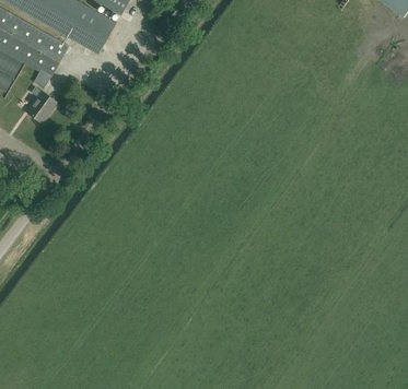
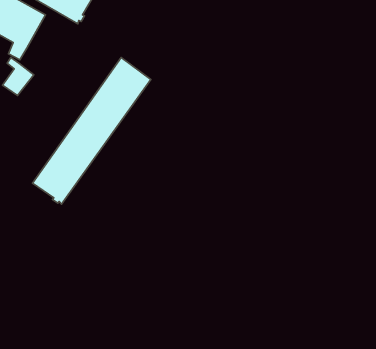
building: none -> [32,57,151,204]

